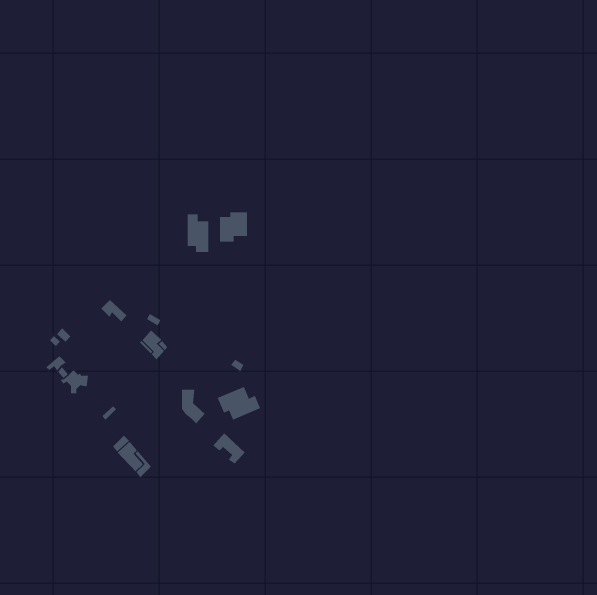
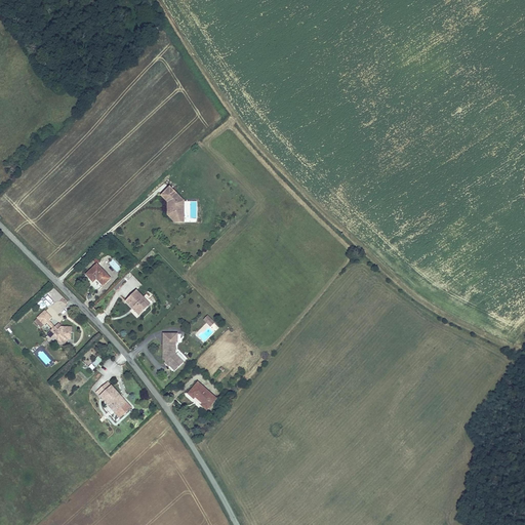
building: [219,212,247,242] -> none
building: [217,386,261,420] -> none

